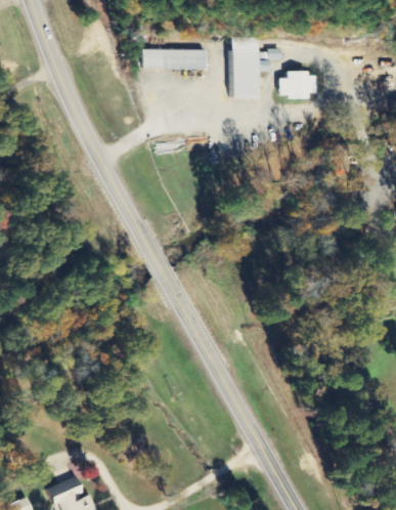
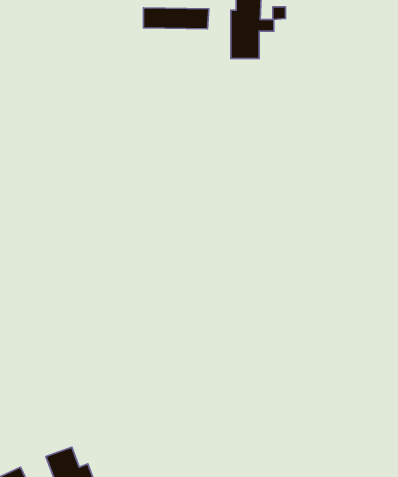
building: [277,72,314,98] -> none

